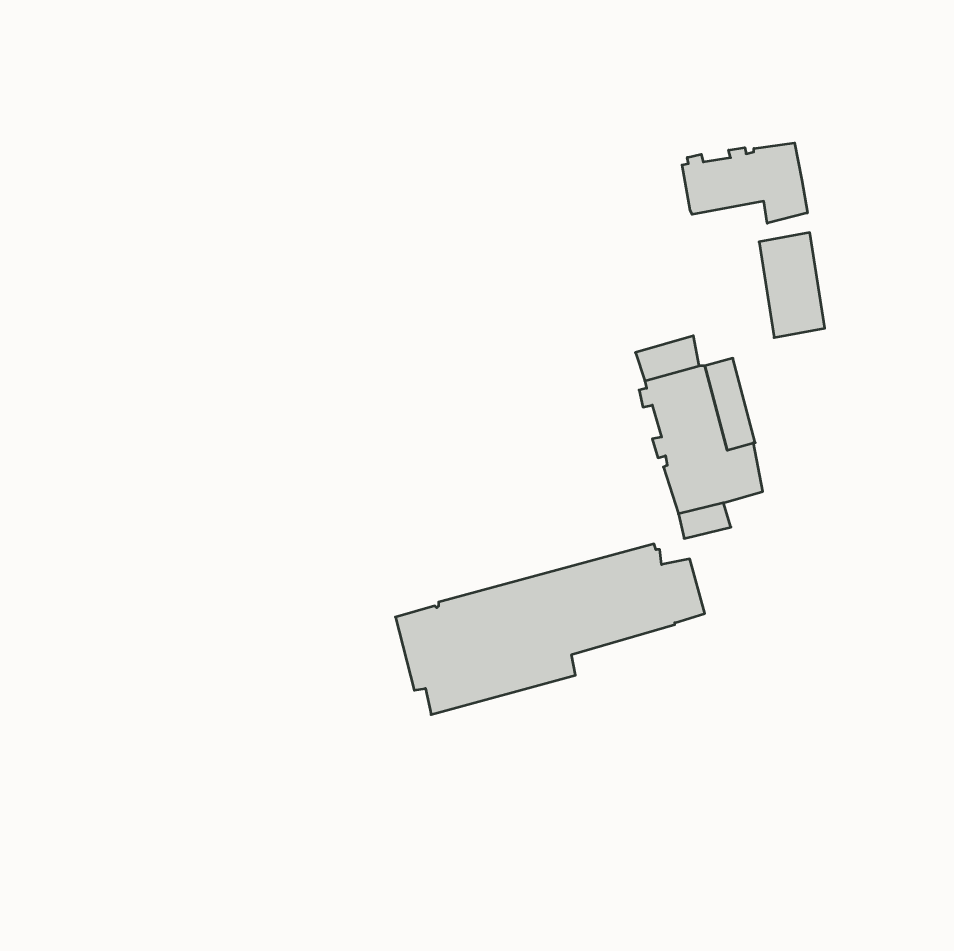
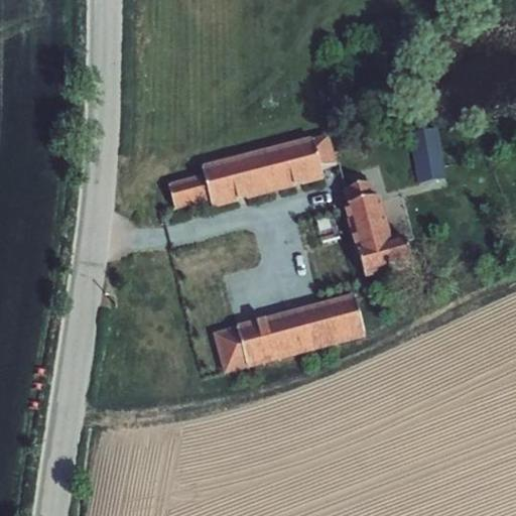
building: [682,143,807,223] -> none
building: none -> [166,134,335,207]

